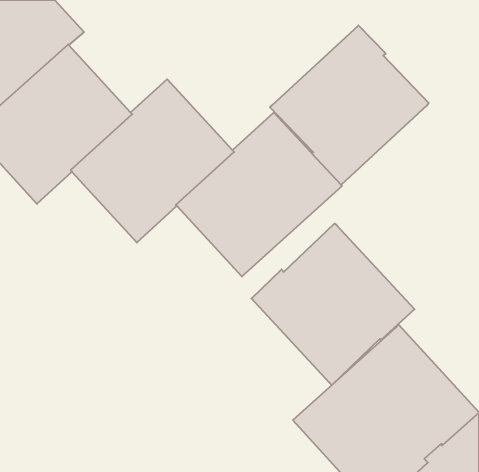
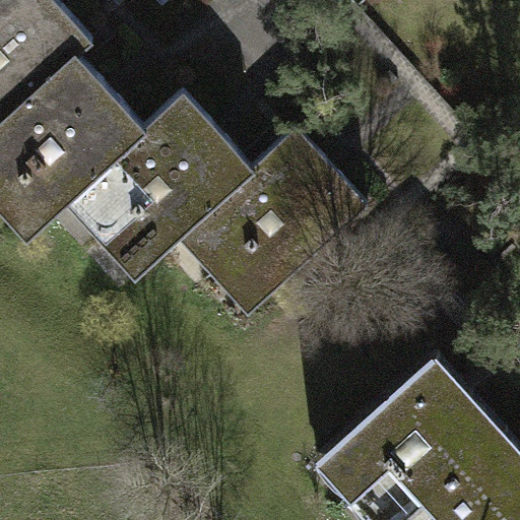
building: [270,25,429,185] -> none
building: [251,224,415,385] -> none

